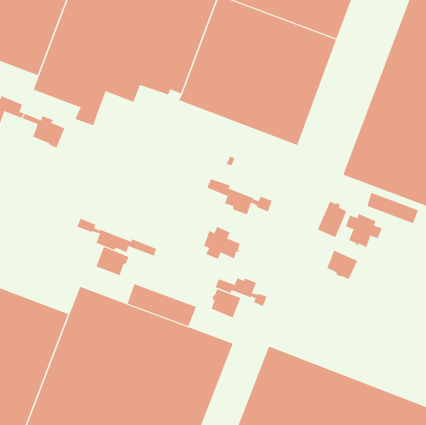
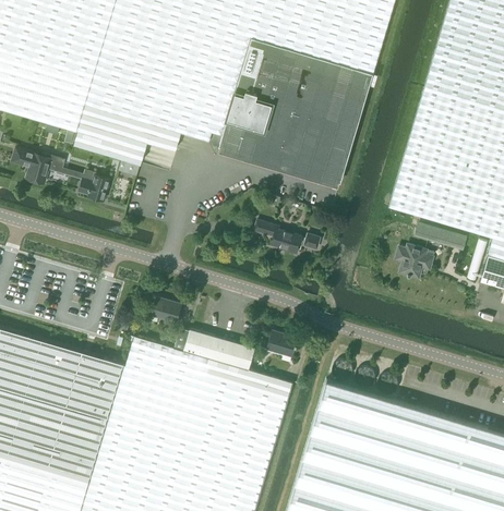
building: [317,201,347,238] -> none
building: [77,218,157,257] -> none
building: [204,226,240,259] -> none
building: [326,250,358,280] -> none
building: [215,277,267,307] -> none

